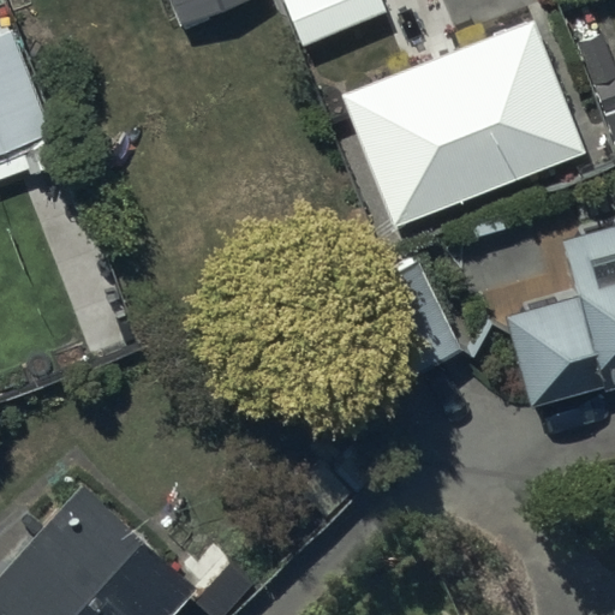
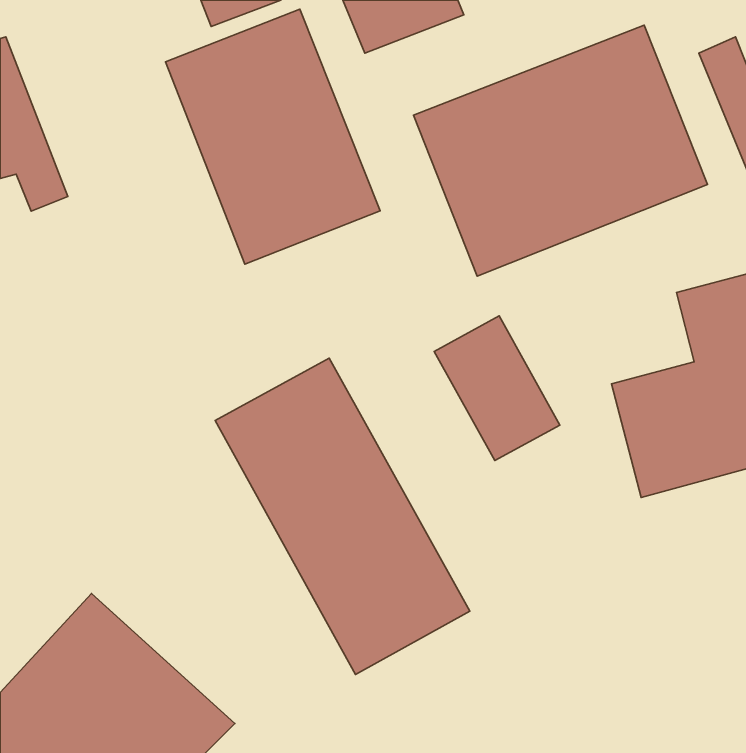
building: none -> [165,9,380,264]
building: none -> [215,358,470,674]

